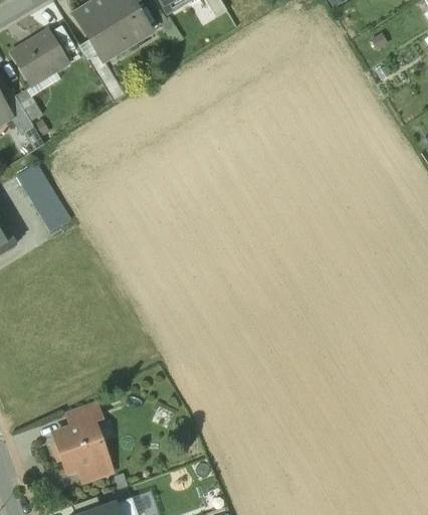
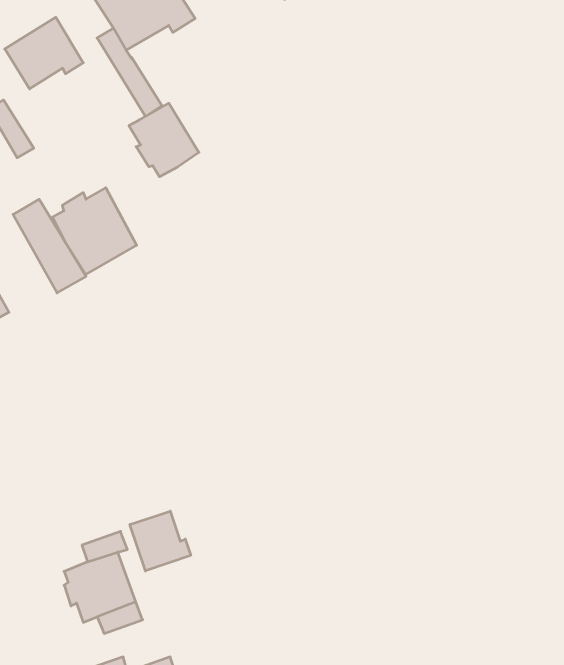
building: none -> [129,103,199,177]
building: none -> [52,188,137,275]
building: none -> [130,511,191,571]

